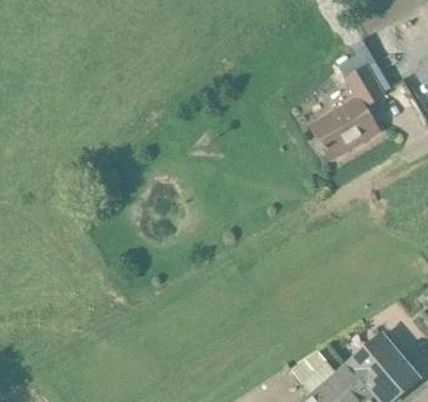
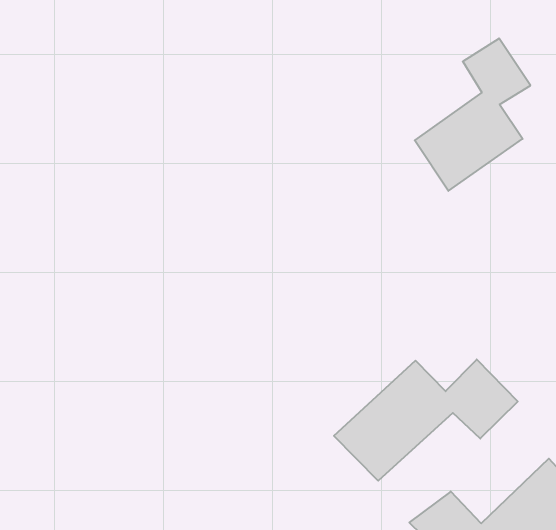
building: none -> [334,359,518,481]

